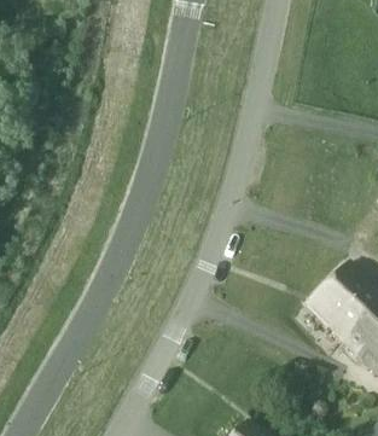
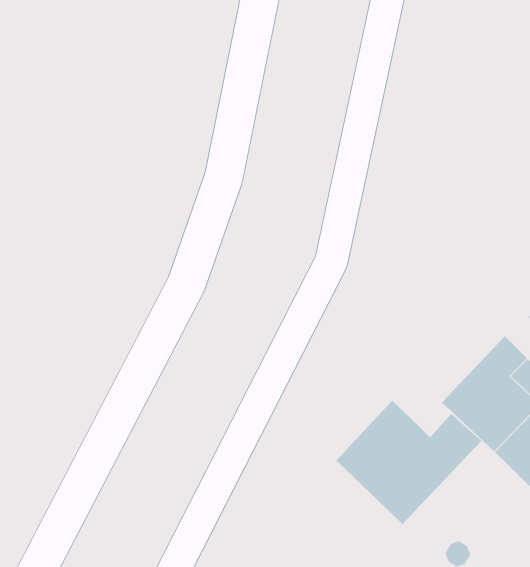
building: none -> [336,400,482,525]

